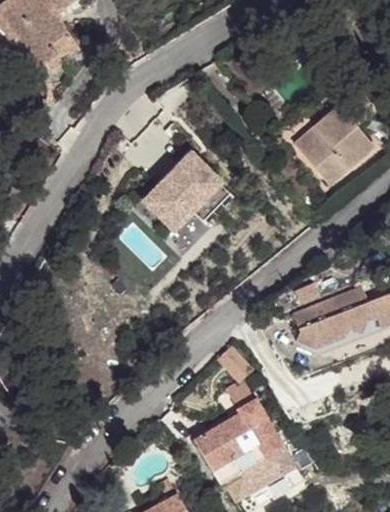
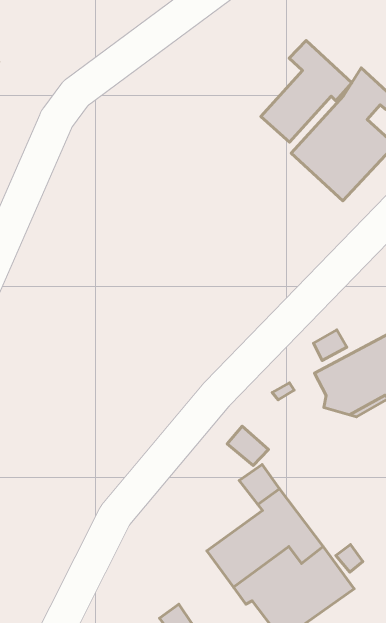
building: none -> [261,40,352,142]
building: [145,154,234,229] -> none

